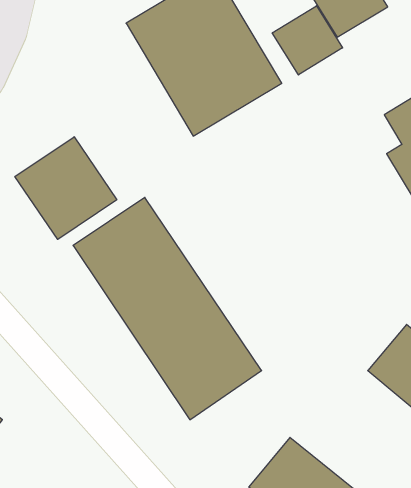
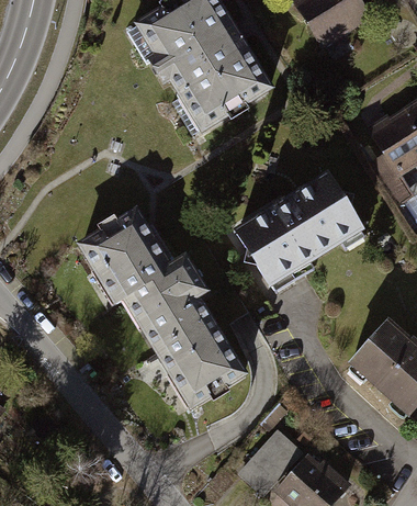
building: [272,6,343,75] -> none
building: [15,137,117,239] -> none
building: none -> [239,170,363,281]

